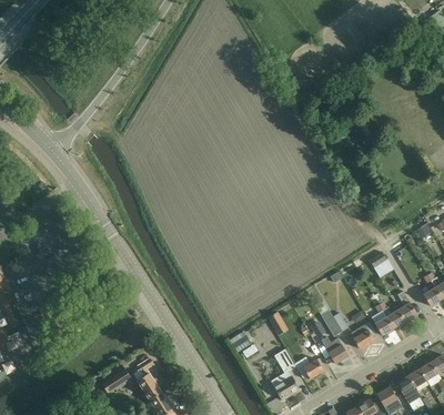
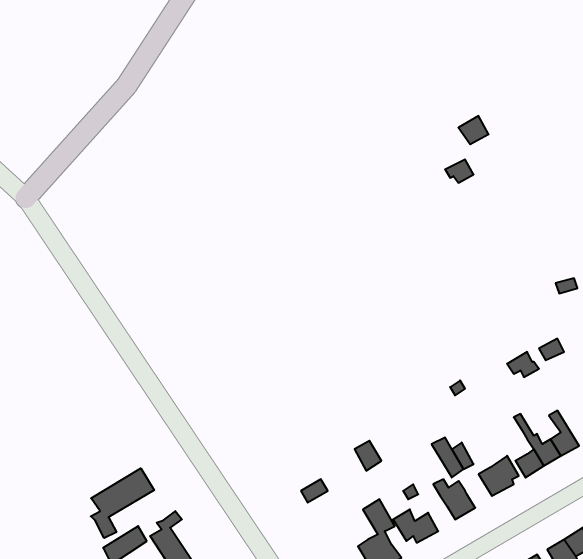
building: none -> [91,468,154,538]

